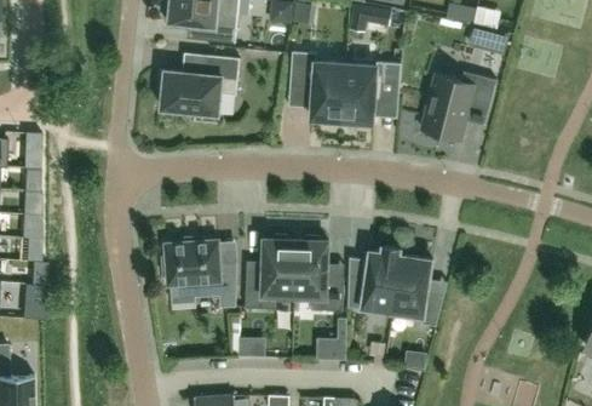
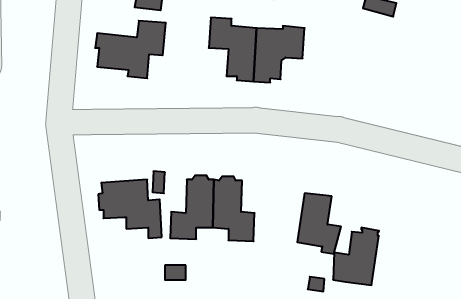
building: [421,75,495,144] -> none
building: [347,246,401,313] -> [333,228,379,285]
building: [316,319,346,360] -> none

